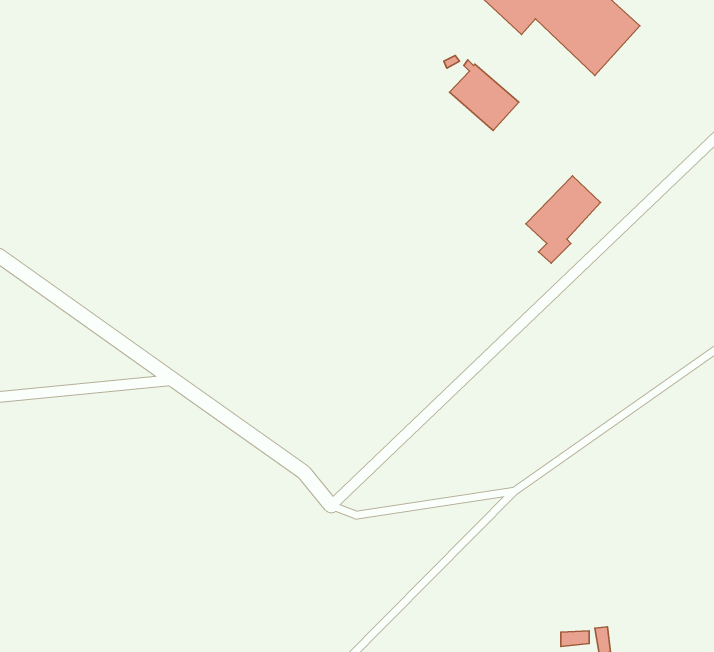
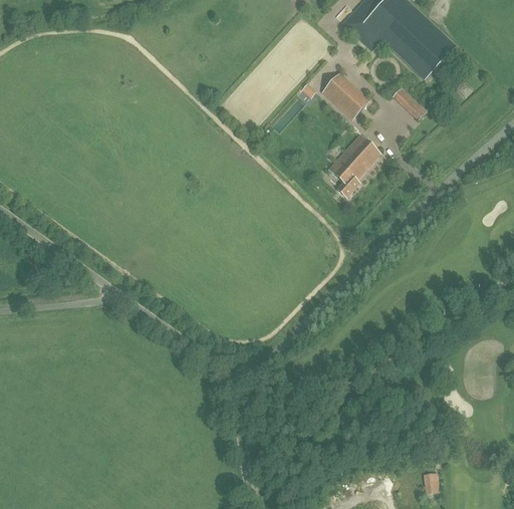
building: none -> [394,87,430,118]
building: [526,176,601,263] -> [328,135,381,197]

